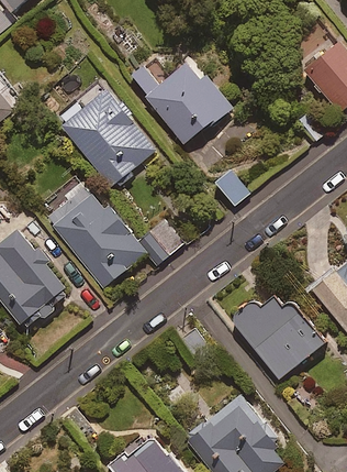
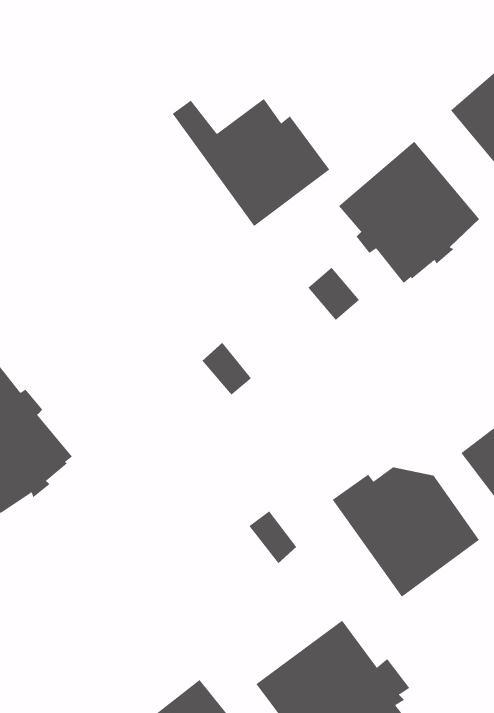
building: none -> [338,141,480,284]
building: [58,94,155,187] -> none
building: [55,198,145,287] -> none

